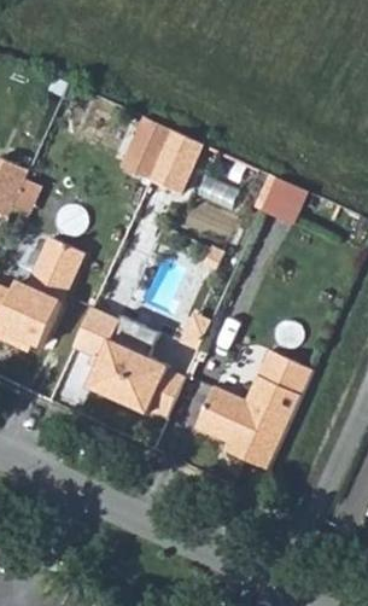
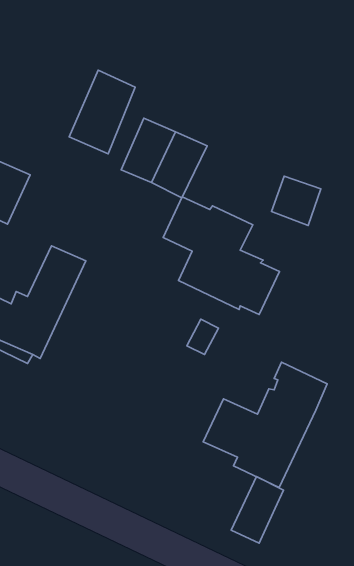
building: none -> [69,70,135,154]
building: [75,307,186,419] -> [163,197,279,315]
building: none -> [231,477,284,543]

